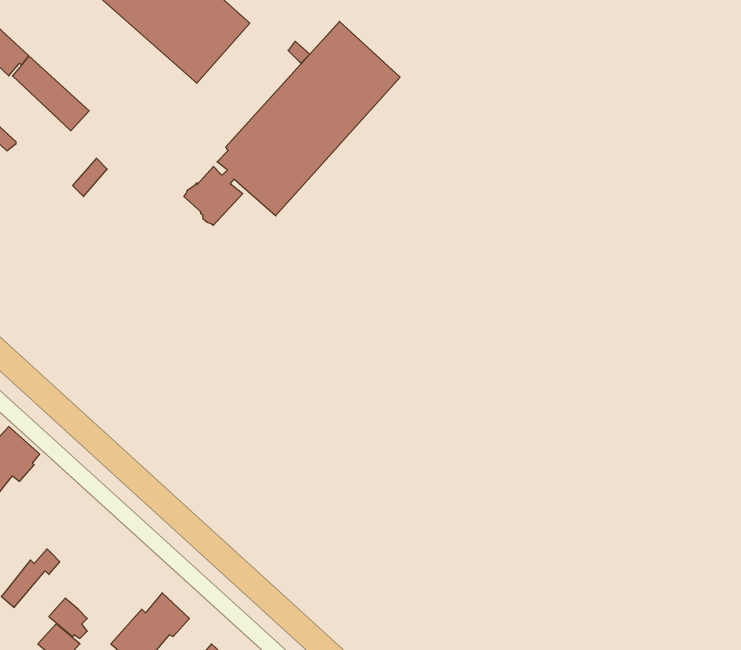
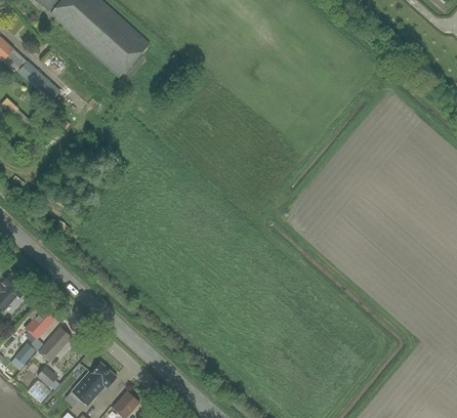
building: [184,21,400,225] -> none
building: none -> [26,307,56,339]
building: none -> [39,328,73,362]

